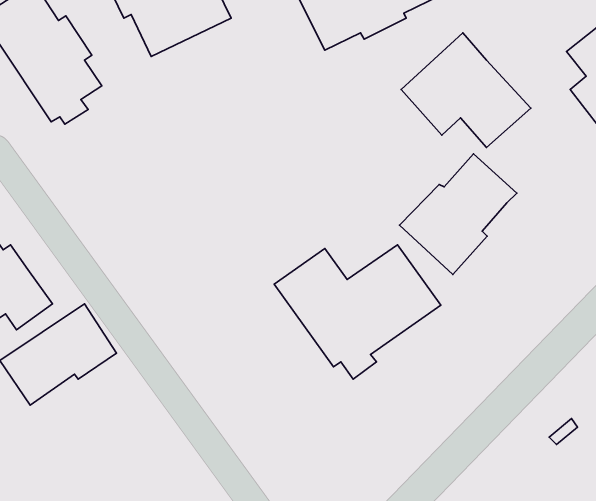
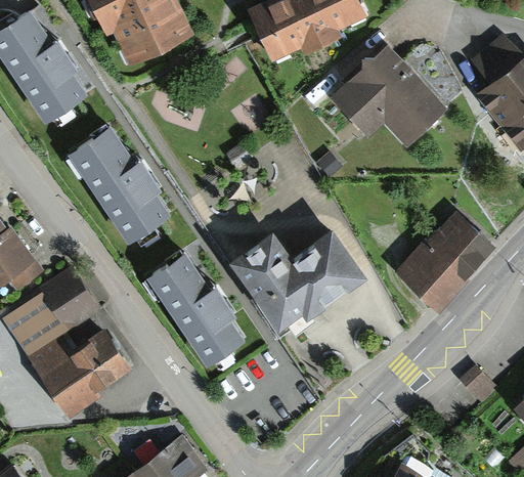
building: none -> [67,125,167,245]
building: [400,154,517,274] -> [394,212,491,312]
building: none -> [146,253,242,364]
building: none -> [27,332,129,418]

